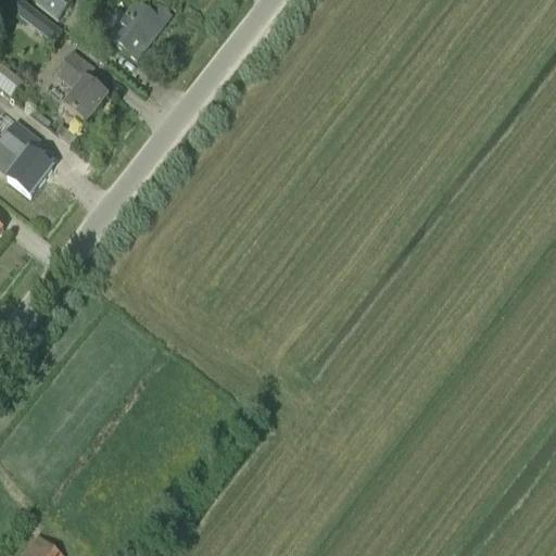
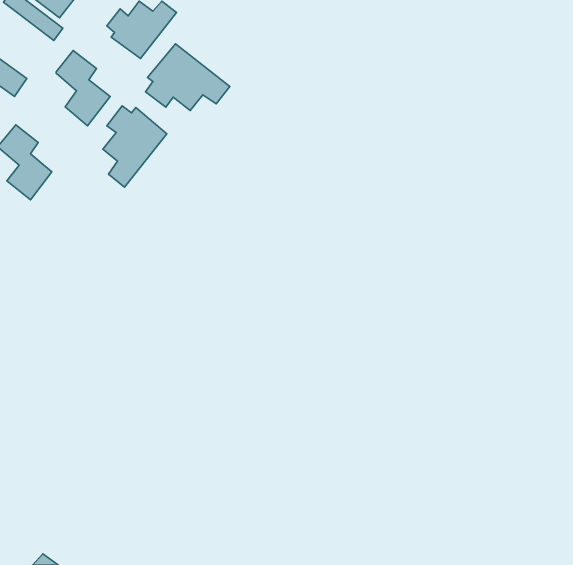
building: none -> [145,44,230,111]
building: none -> [103,106,167,187]

